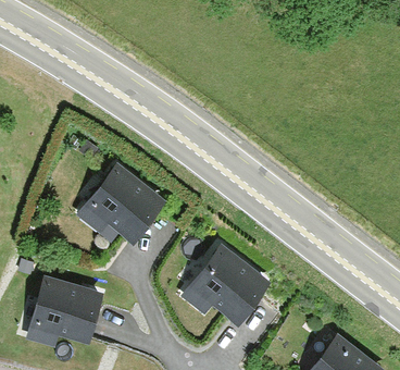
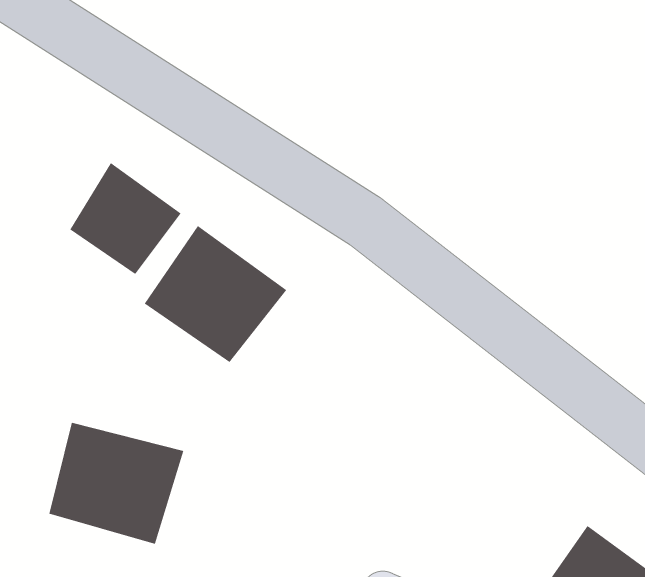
building: none -> [70,162,181,275]
building: [187,244,270,325] -> none

